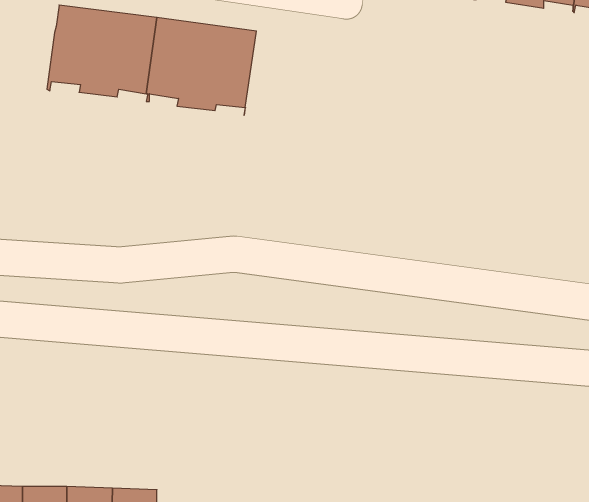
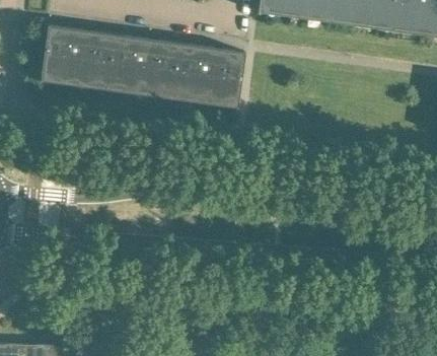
building: none -> [170,43,245,109]

